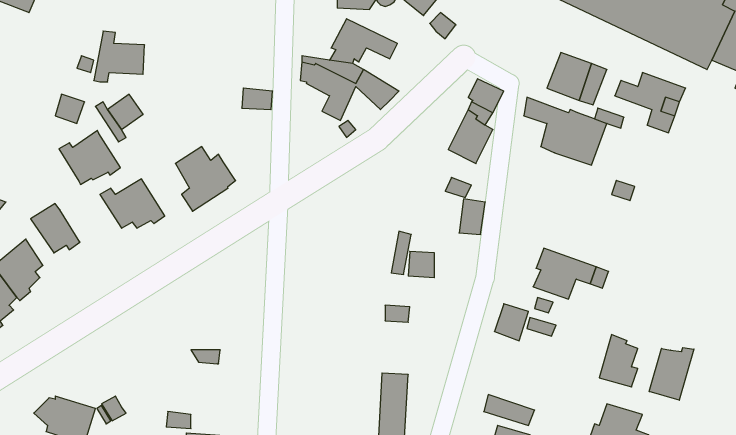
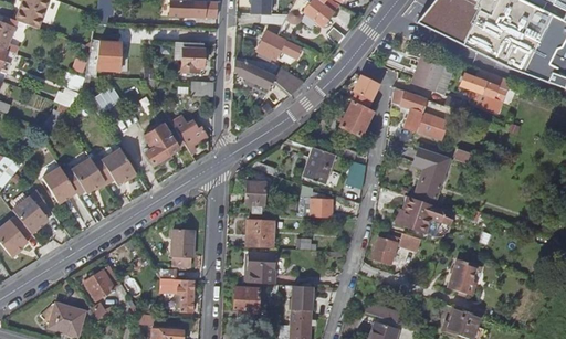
building: none -> [184,43,205,75]
building: [59,130,120,184] -> [61,156,105,194]
building: none -> [174,121,208,157]
building: none -> [304,146,334,182]
building: none -> [411,148,449,199]
building: none -> [244,178,265,214]
building: none -> [245,220,273,248]
building: none -> [170,227,191,263]
building: none -> [247,254,274,285]
building: [649,348,694,400] -> none
building: none -> [83,271,113,299]
building: none -> [171,280,193,312]
building: none -> [230,286,259,317]

